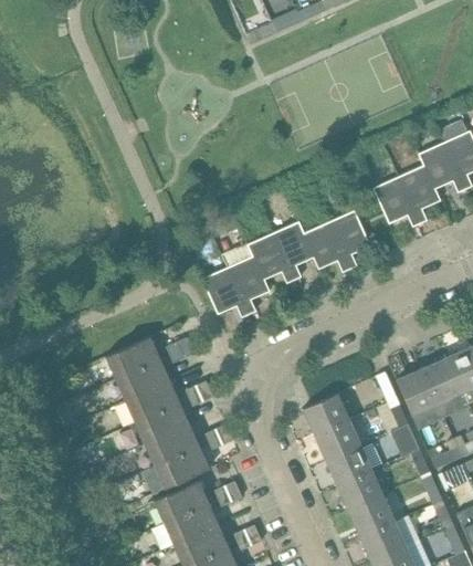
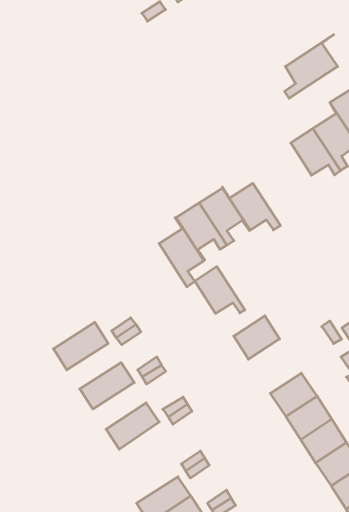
building: none -> [285,35,338,98]
building: [329,210,370,269] -> none
building: [202,268,248,317] -> [195,267,245,313]
building: [115,359,170,400] -> none
building: [303,394,348,434] -> [234,316,280,359]
building: [135,402,189,444] -> none
building: [155,446,209,489] -> none
building: [154,480,209,523] -> none

